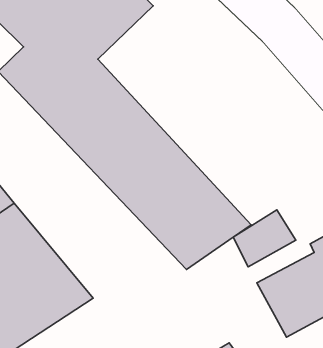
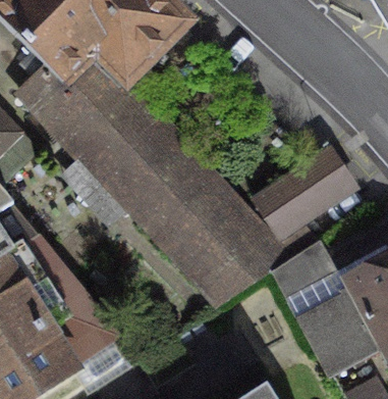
building: none -> [252,148,354,237]

